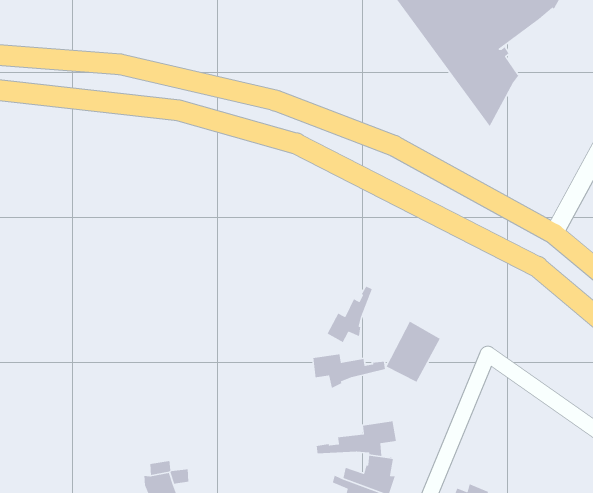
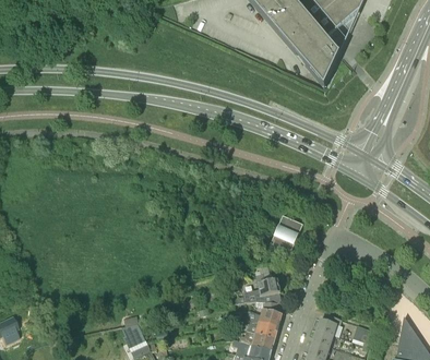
building: [327,285,373,345] -> none
building: [312,353,386,393] -> none

